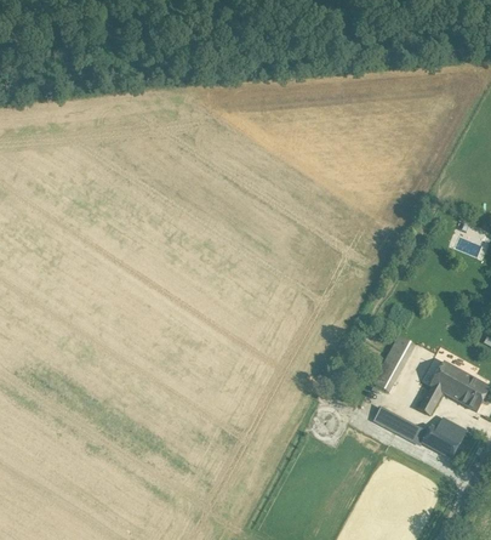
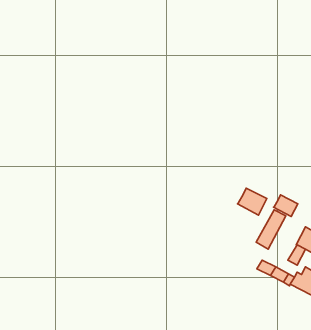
building: none -> [237,188,267,215]
building: none -> [274,195,298,217]

